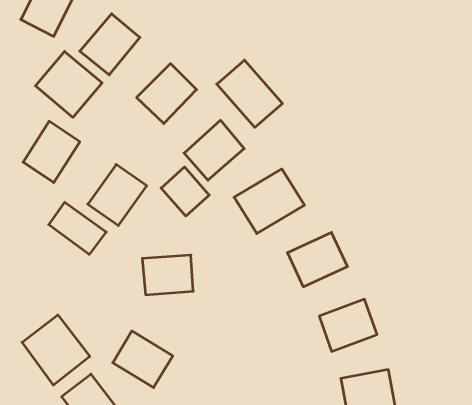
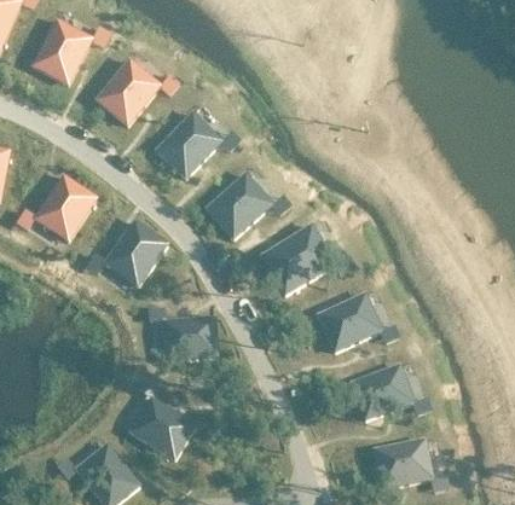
building: [35,51,102,117] -> none
building: [217,60,282,127] -> none
building: [161,167,209,216] -> none
building: [49,202,106,254] -> none
building: [22,315,90,385] -> none

